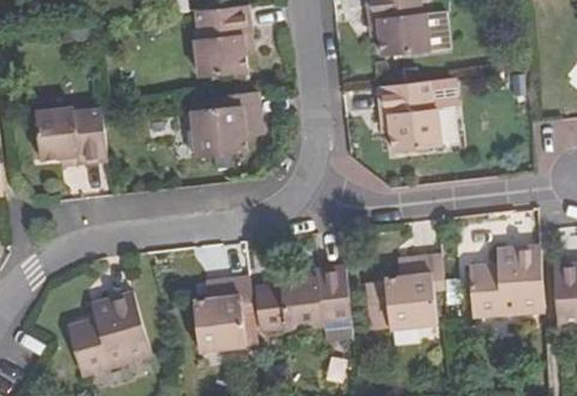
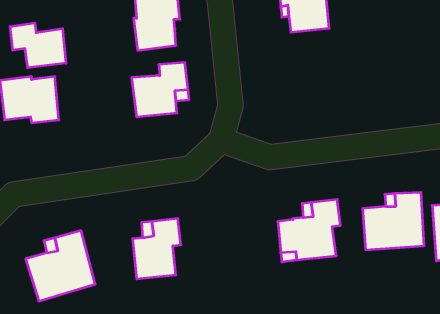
building: none -> [10,23,66,68]
building: [379,83,442,150] -> none
building: [258,267,353,341] -> none

